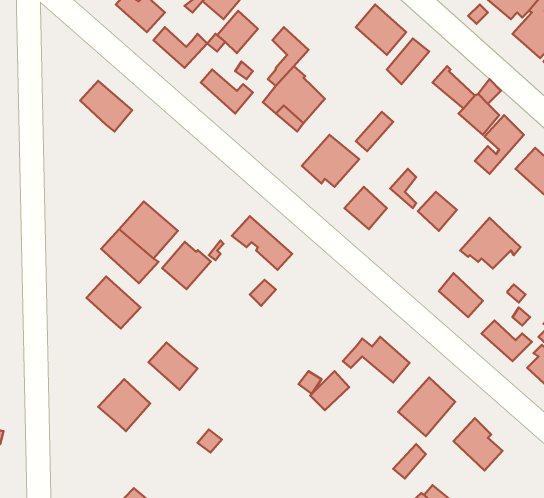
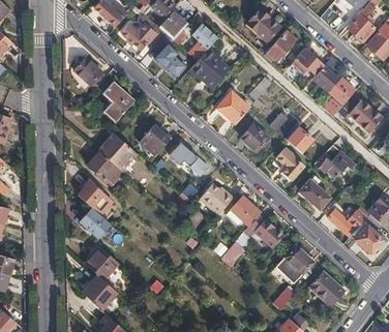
building: none -> [103,81,133,120]
building: none -> [276,148,304,182]
building: [162,242,211,289] -> [140,124,171,154]
building: none -> [200,184,232,215]
building: none -> [228,197,261,224]
building: [148,343,197,390] -> [80,207,111,237]
building: none -> [82,275,118,309]

